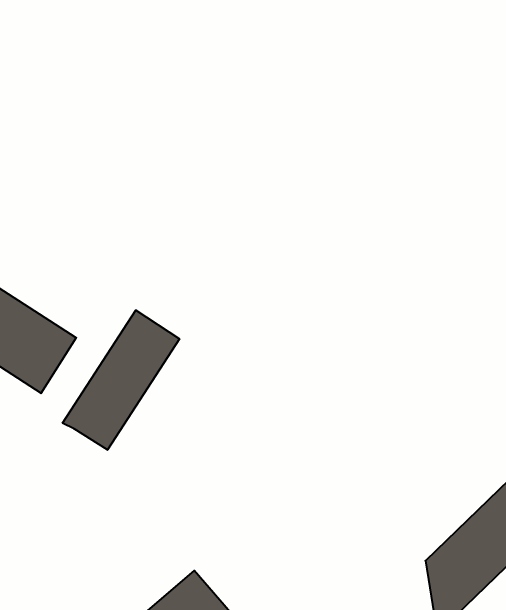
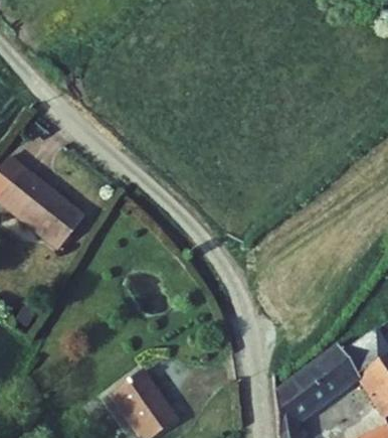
building: [63,310,179,450] -> none

